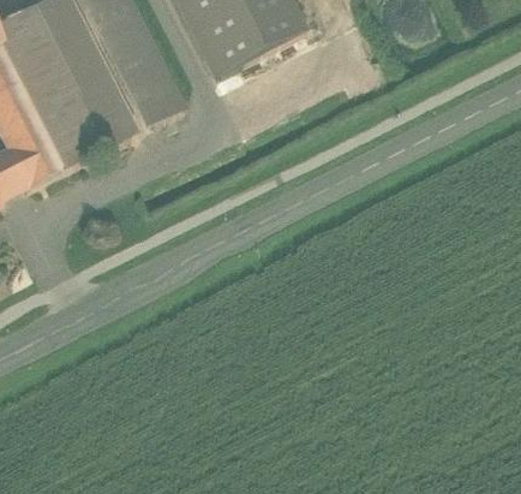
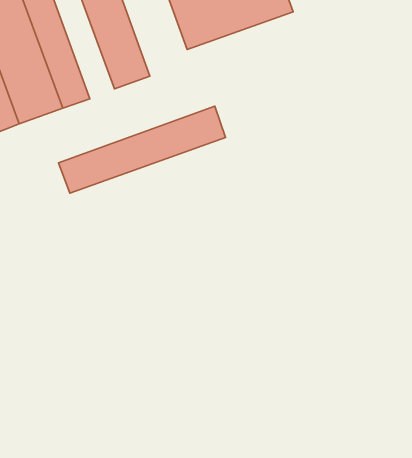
building: none -> [59,106,225,193]

